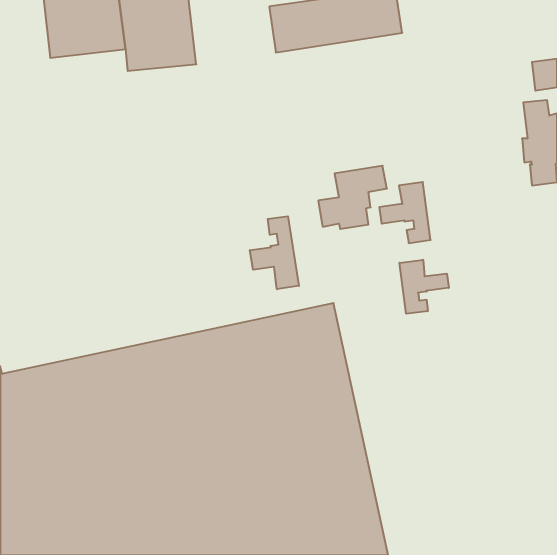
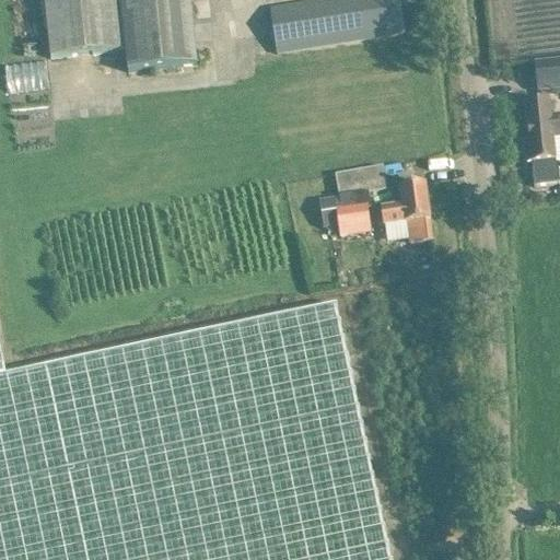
building: [250,216,299,289] -> none
building: [400,260,449,314] -> none

